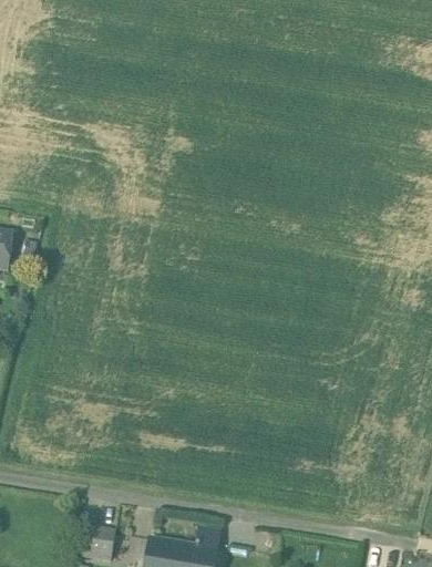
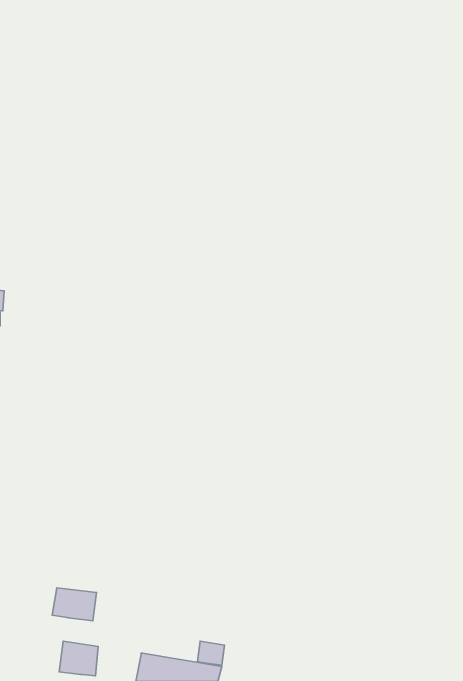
building: none -> [52,588,97,621]

